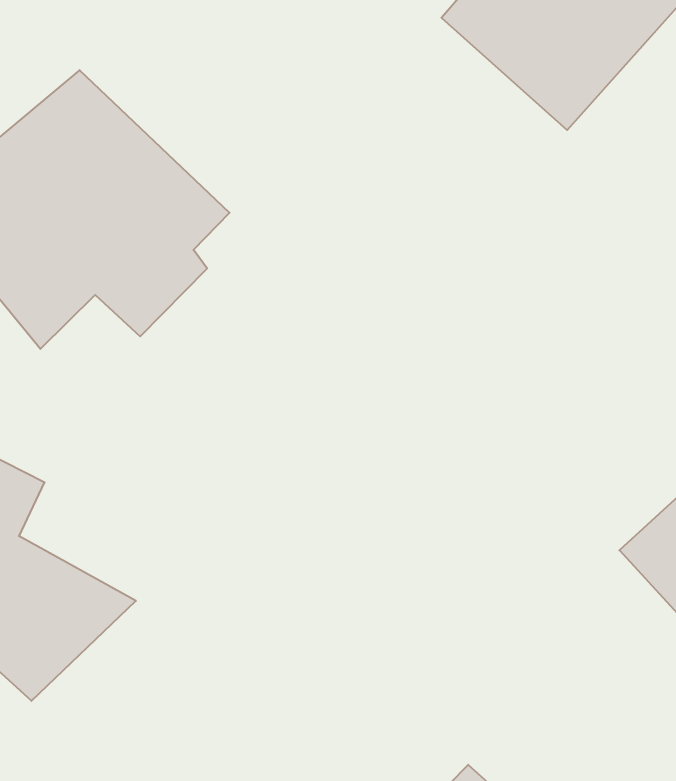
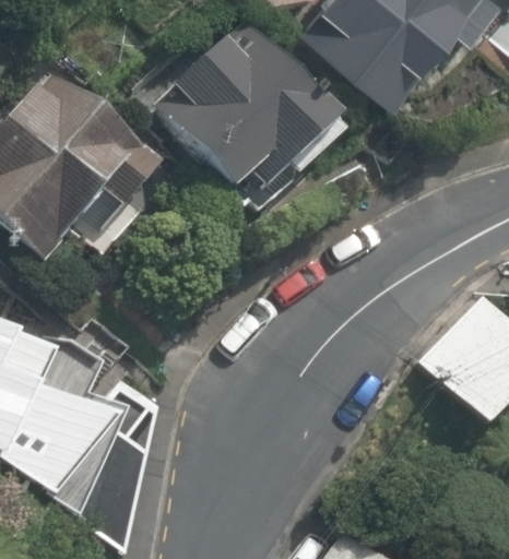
building: none -> [159,15,341,195]

